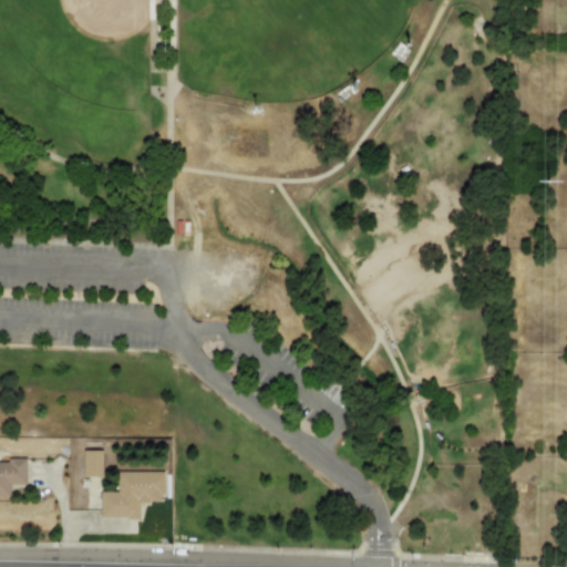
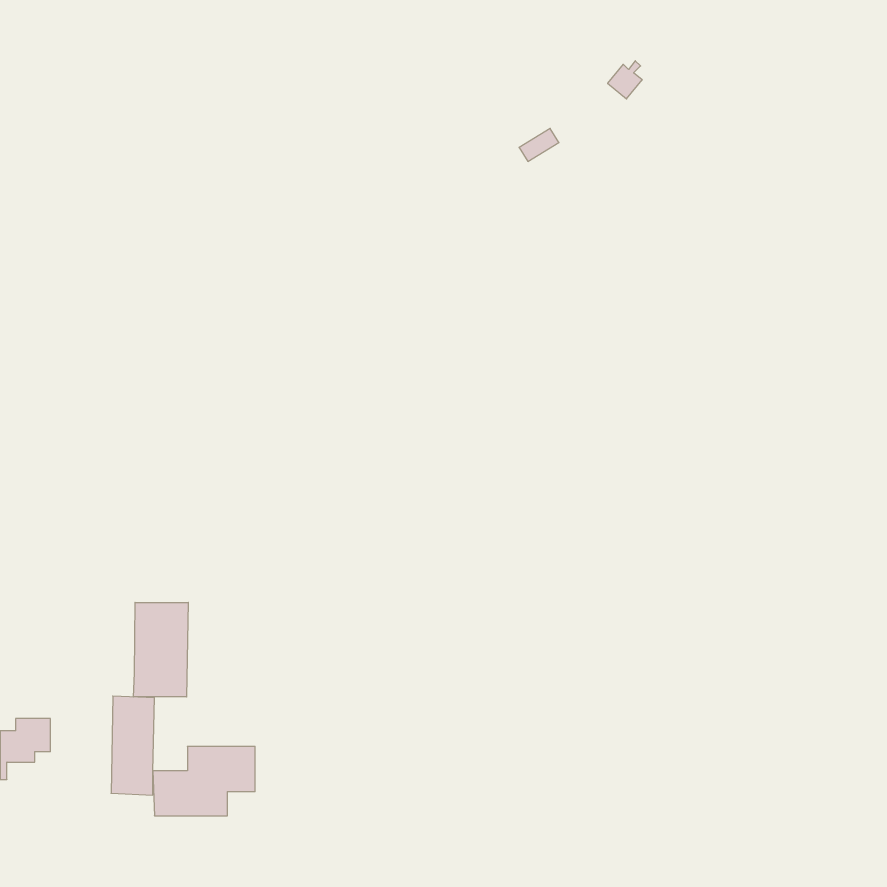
building: none -> [133,602,188,697]

